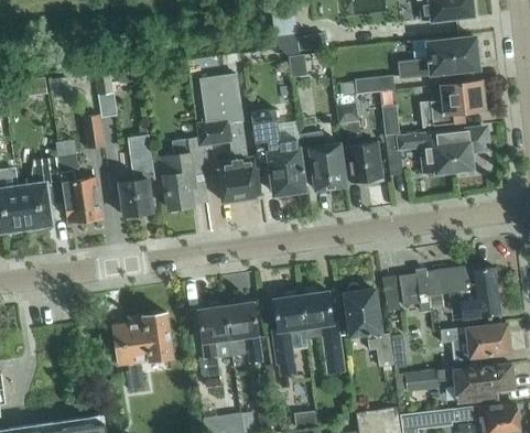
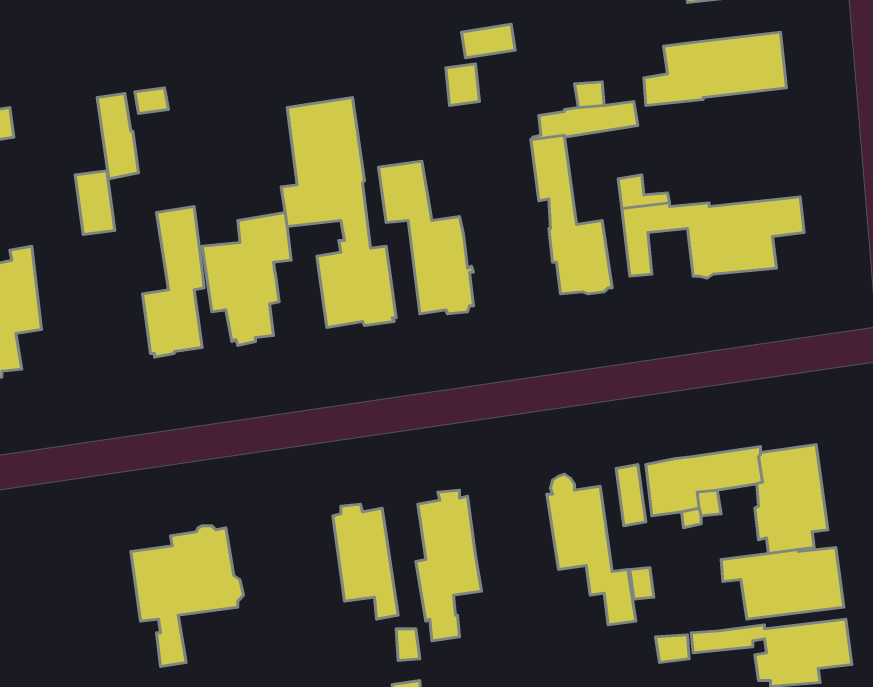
building: [420,80,483,127] -> none
building: [298,132,346,190] -> none
building: [56,140,100,224] -> none
building: [300,289,346,375] -> none
building: [197,302,231,387] -> none

